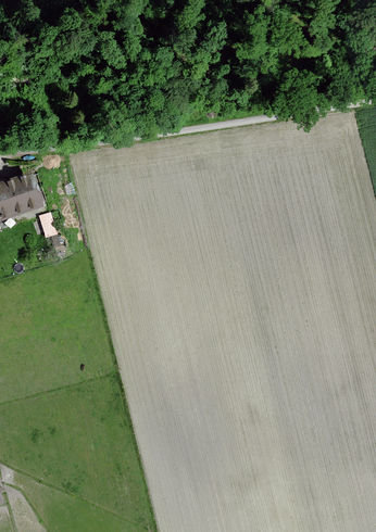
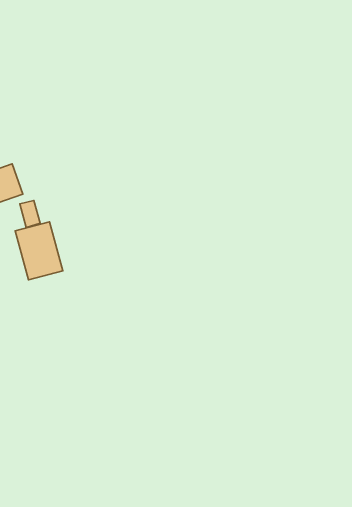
building: none -> [15,222,63,280]

